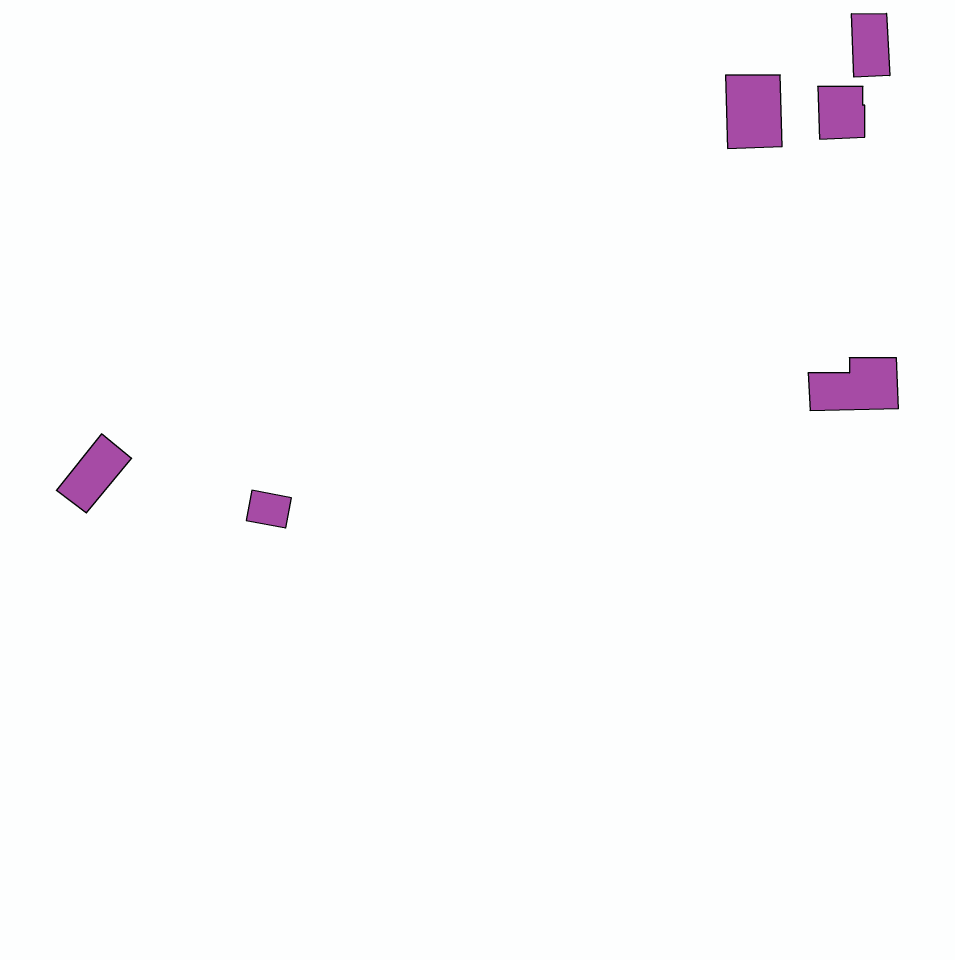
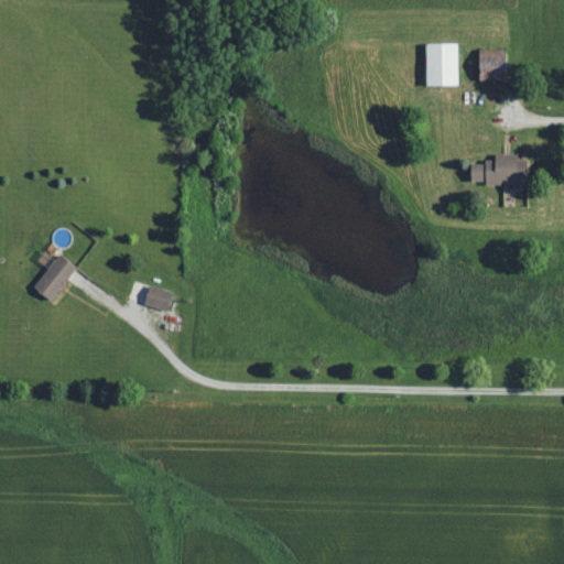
building: [852,13,890,77] -> none
building: [808,358,898,410] -> [470,154,523,185]

